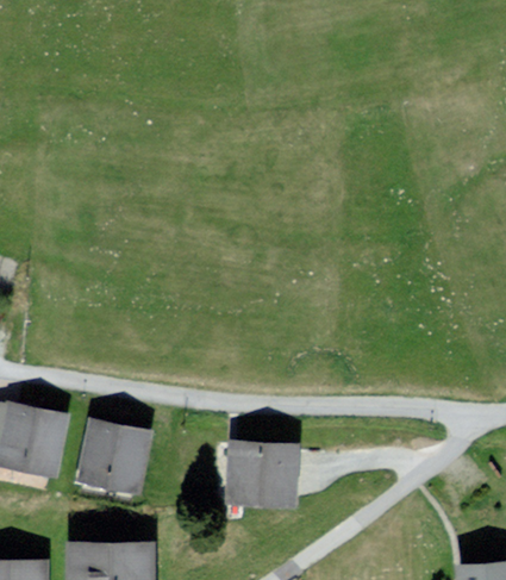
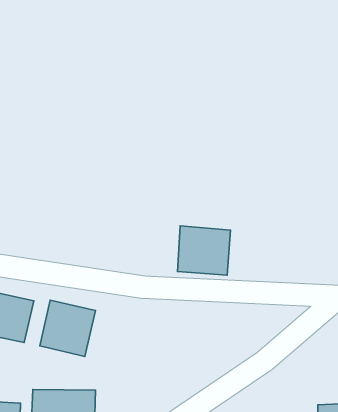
building: [225,442,298,510] -> [178,226,231,275]

